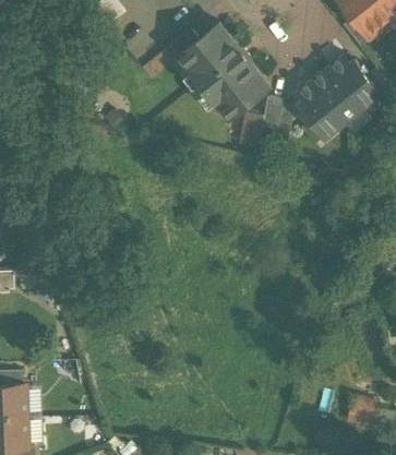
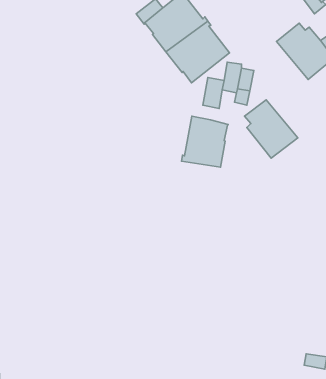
building: [296,76,352,139] -> [245,100,298,158]
building: none -> [181,116,228,167]

